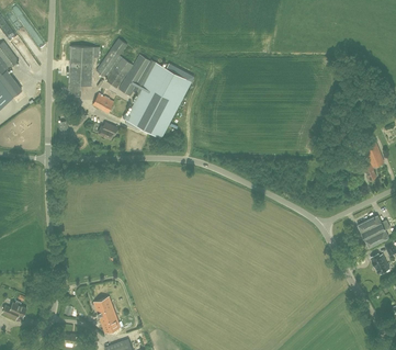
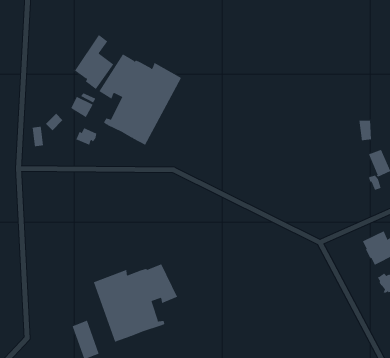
building: [68,45,99,95] -> none
building: none -> [93,263,178,343]

